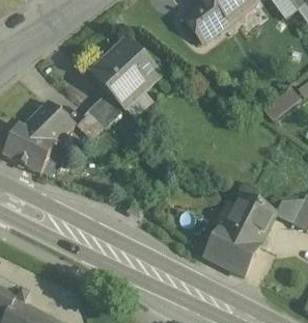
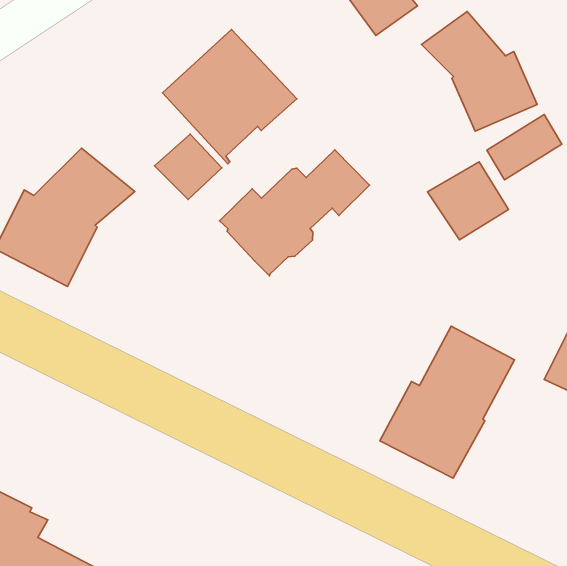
building: none -> [421,11,537,131]
building: none -> [220,150,369,276]
building: none -> [428,162,509,240]

